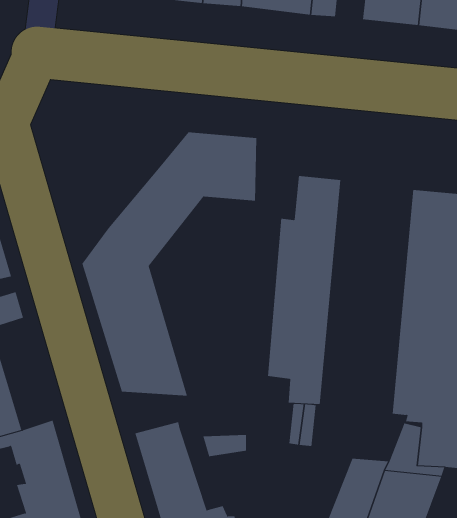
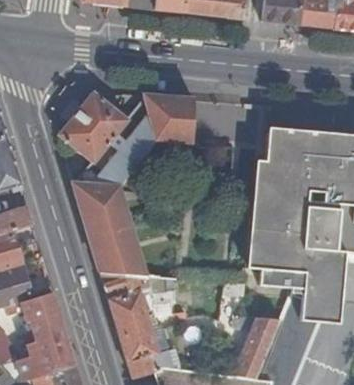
building: none -> [58,91,125,160]
building: [267,175,341,404] -> [246,131,296,286]
building: none -> [99,271,151,299]

